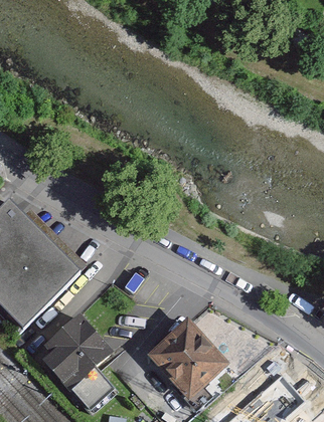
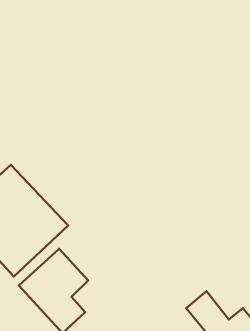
building: [148,319,229,400] -> none

